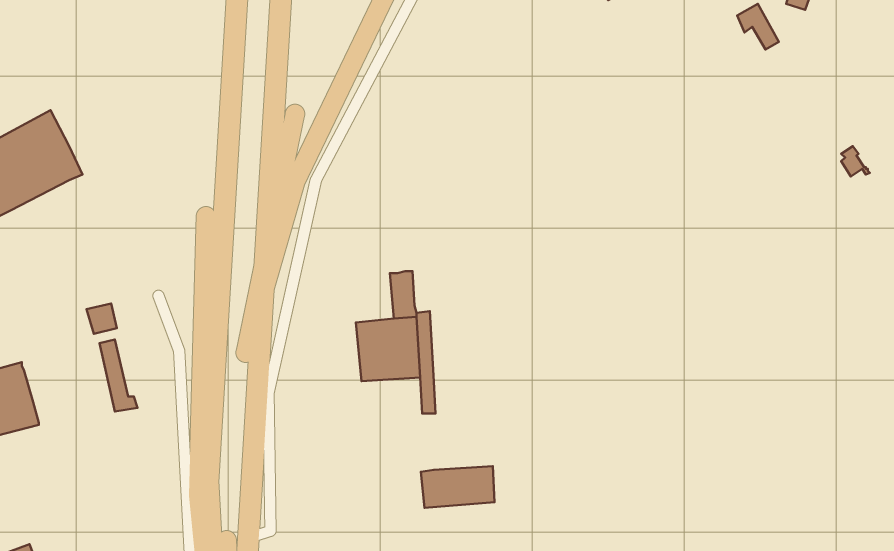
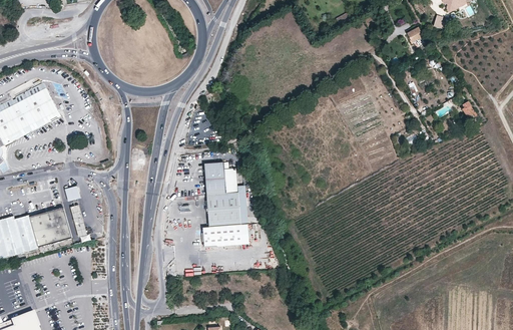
building: none -> [203,161,225,195]
building: none -> [29,208,72,248]
building: [421,466,495,508] -> [201,224,240,246]

